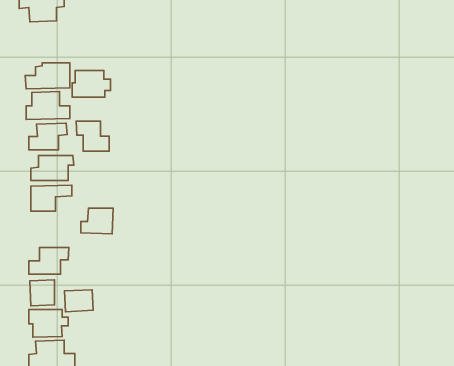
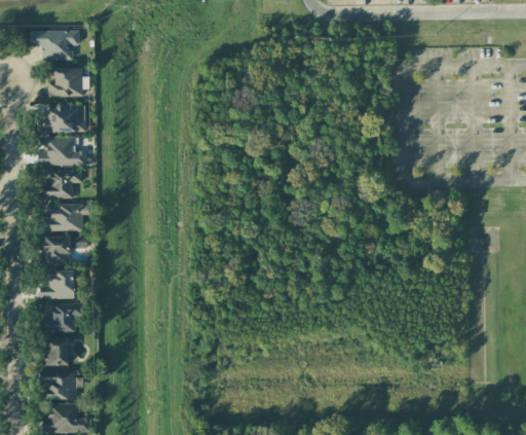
building: [72,70,110,97] -> [48,68,89,97]
building: [76,121,109,151] -> none
building: [81,208,113,234] -> [40,271,75,299]
building: [65,290,93,312] -> none

